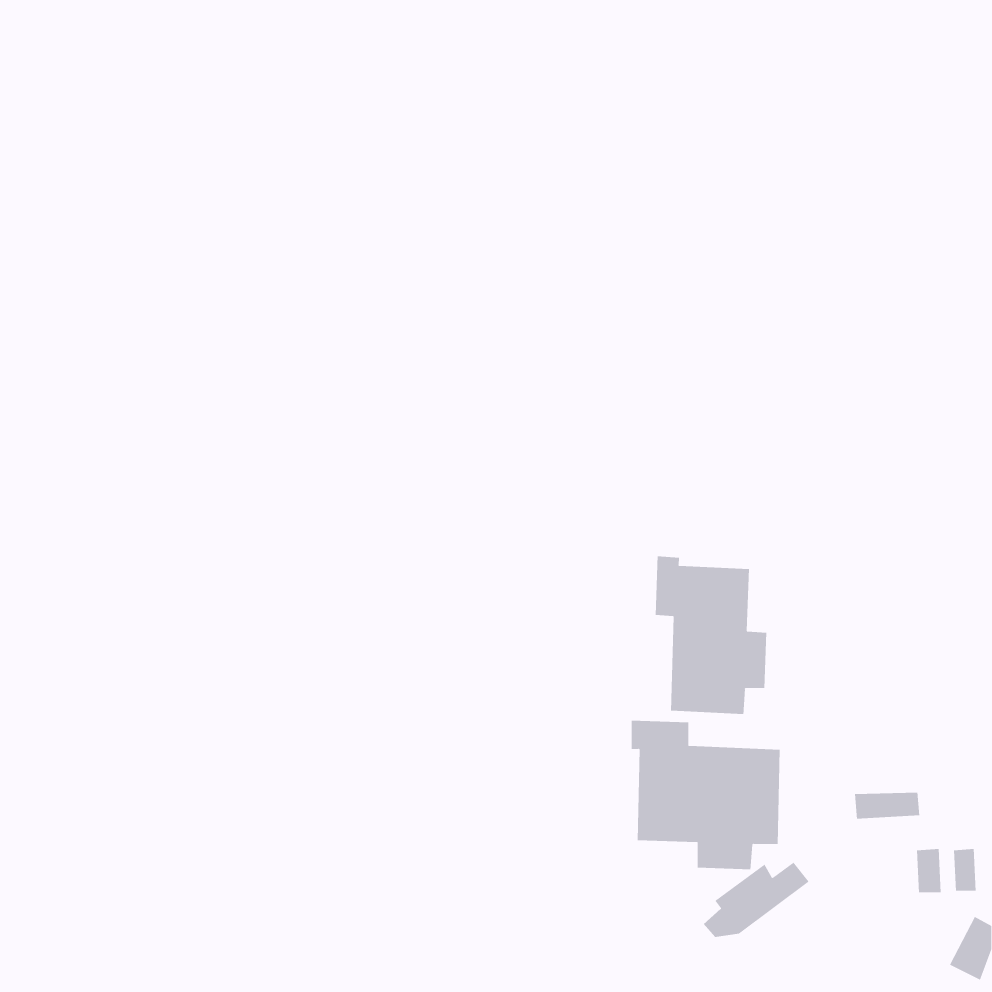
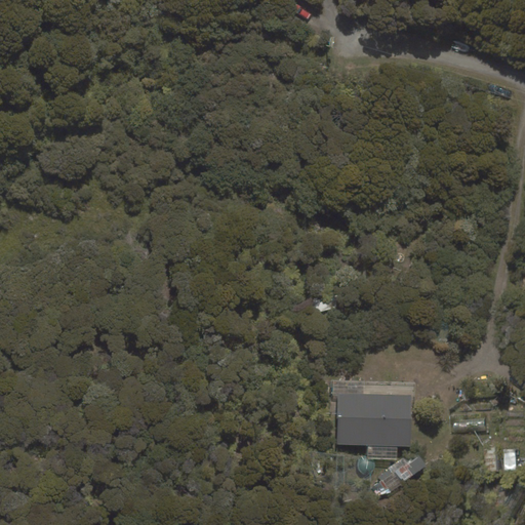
building: [655,555,767,715] -> none

